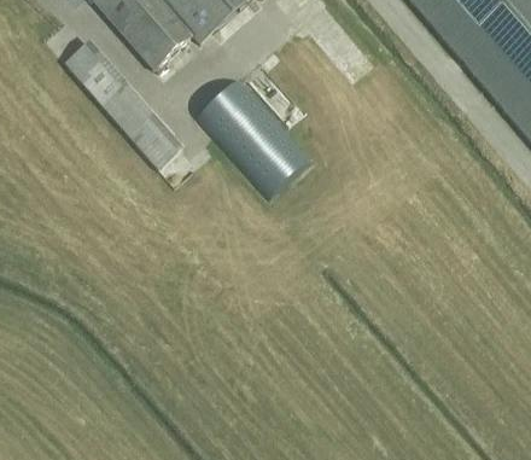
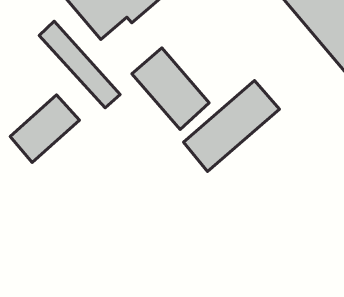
building: none -> [184,81,279,172]
building: none -> [10,95,80,162]

